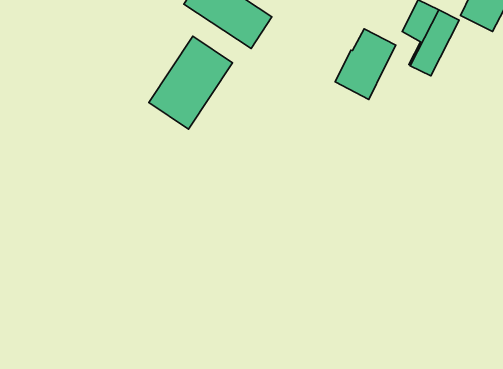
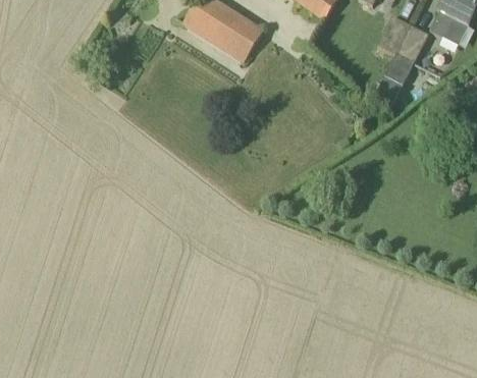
building: [335,29,396,99] -> none
building: [149,36,232,129] -> none

